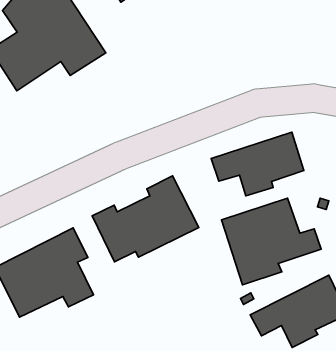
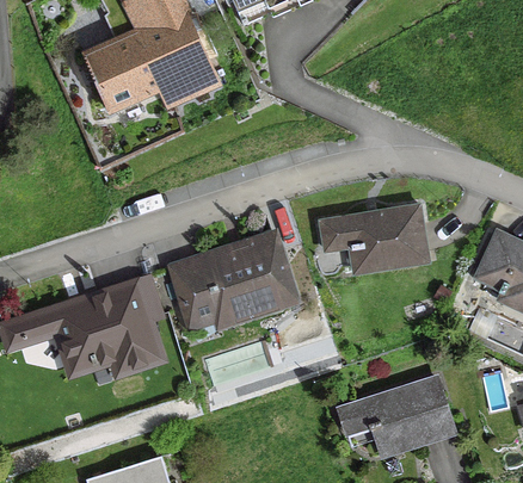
building: [222,198,321,285] -> none

